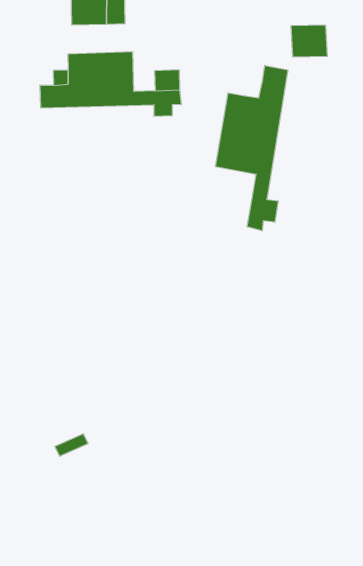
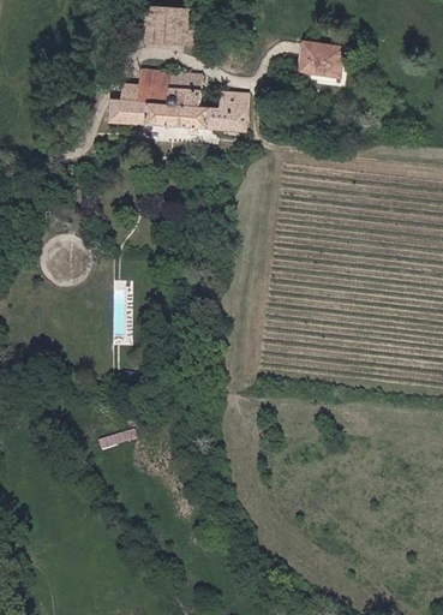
building: [291,25,327,57] -> [299,38,334,71]
building: [216,65,288,231] -> none

